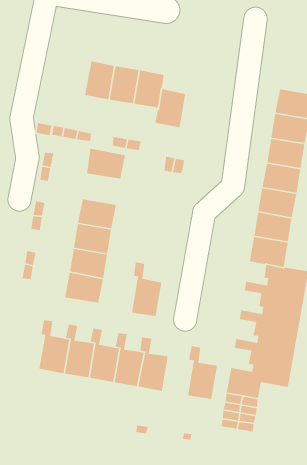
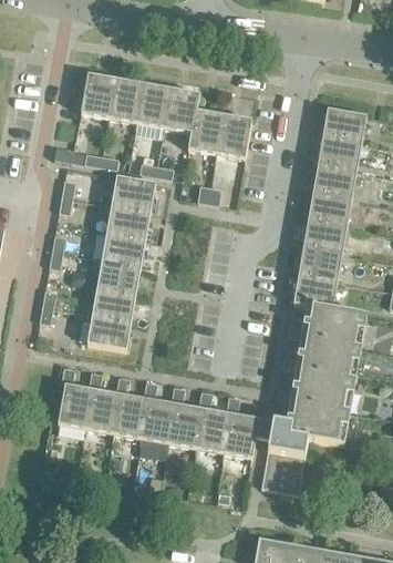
building: none -> [81,73,116,117]
building: none -> [216,115,251,158]
building: none -> [106,205,149,239]
building: [131,261,162,317] -> [196,391,230,453]

